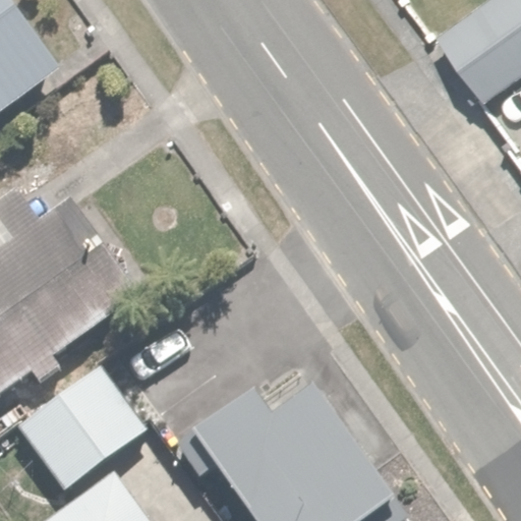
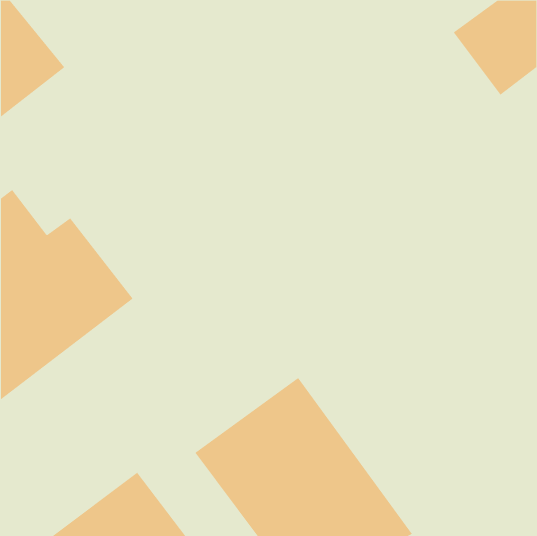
building: [18,371,142,489] -> none

